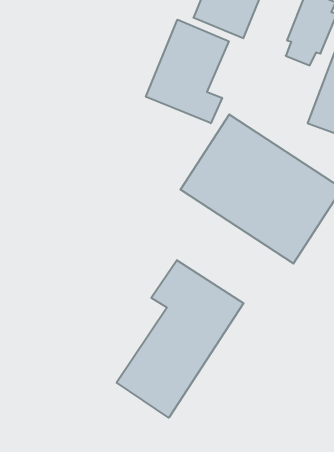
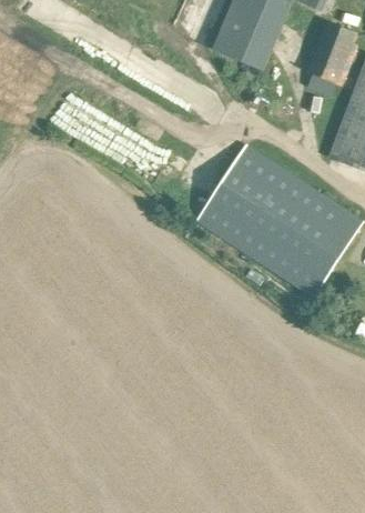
building: [146,20,229,123] -> none
building: [117,260,244,418] -> none

